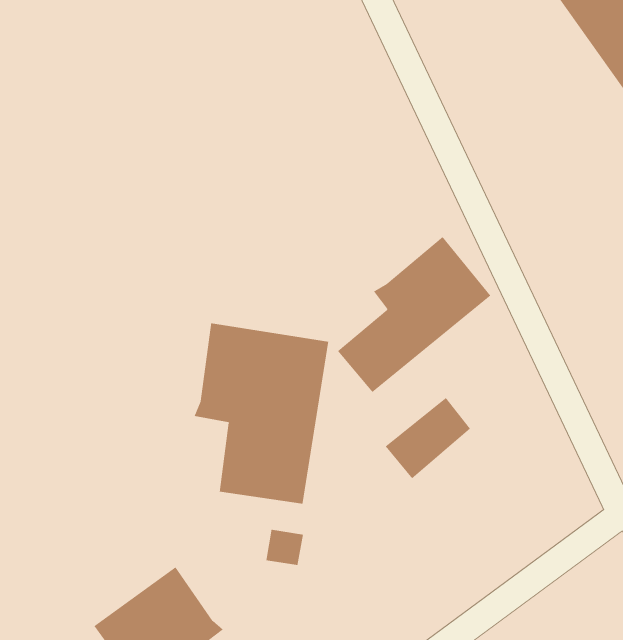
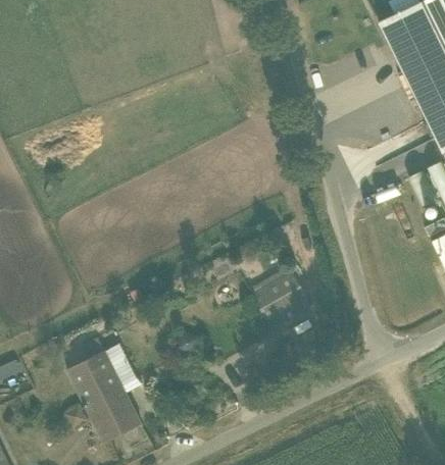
building: [337,236,491,393] -> none
building: [194,322,329,505] -> none

